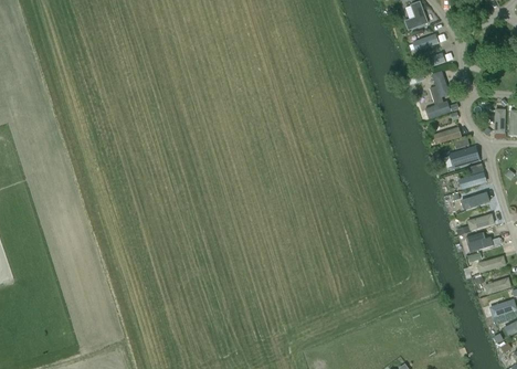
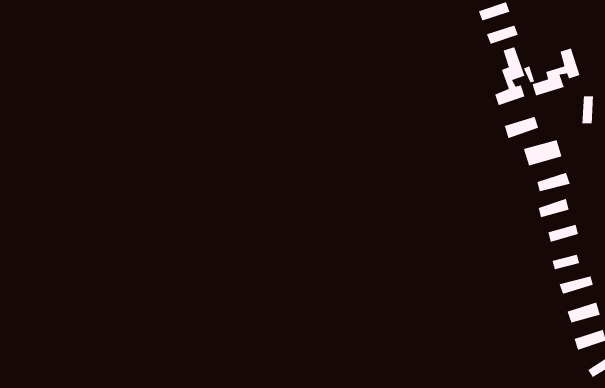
building: none -> [531,47,580,96]

